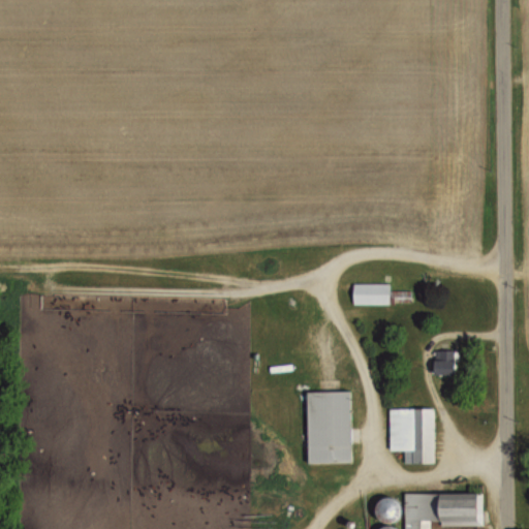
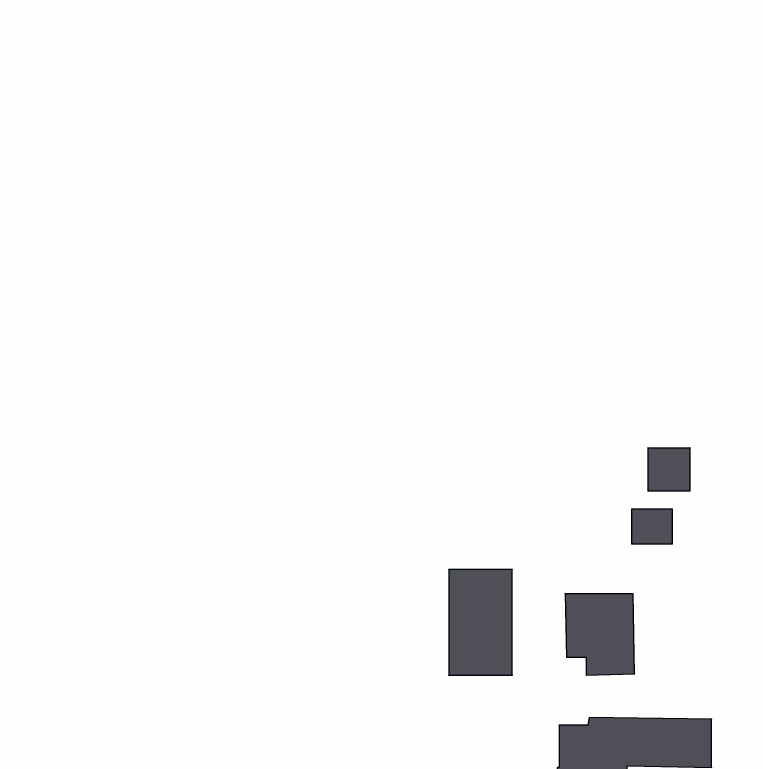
building: [354,282,392,304] -> none
building: none -> [648,448,690,491]

